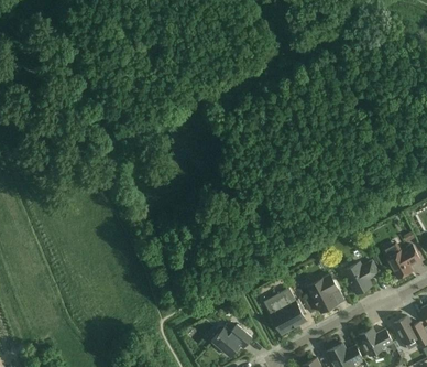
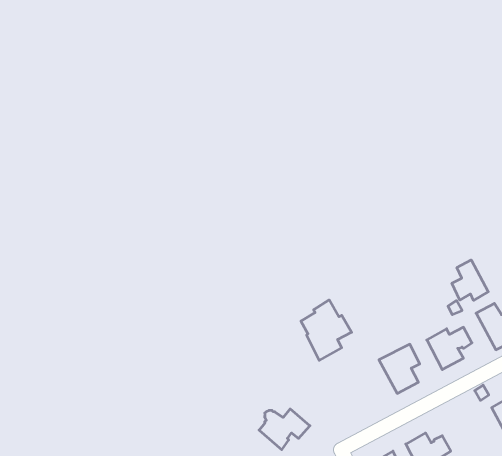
building: none -> [452,260,488,300]
building: [266,287,306,334] -> [301,300,352,360]
building: [358,326,393,356] -> none

